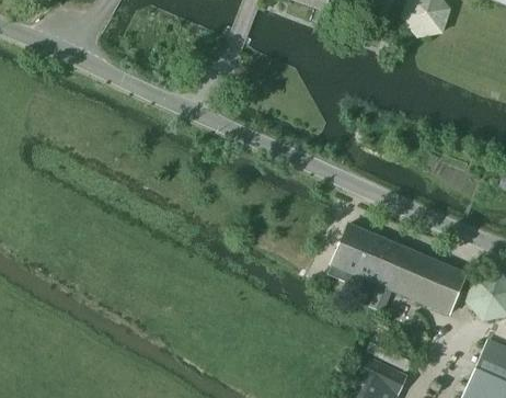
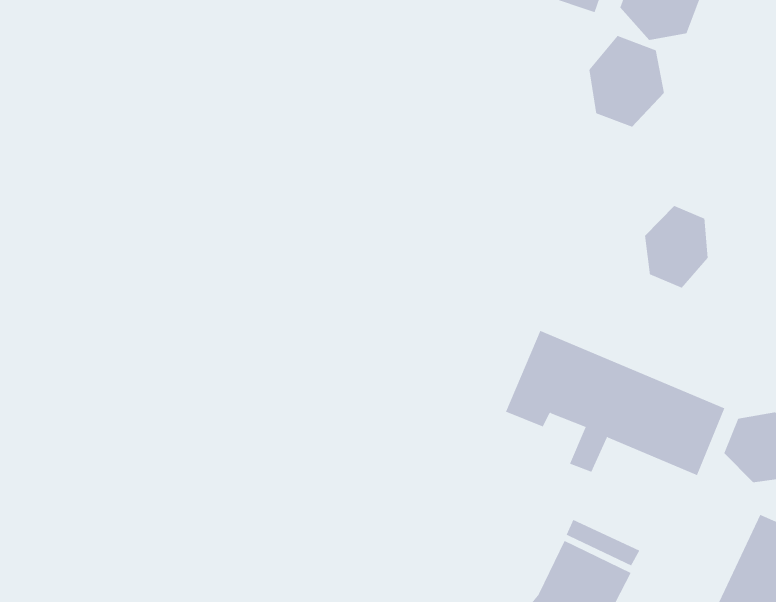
building: none -> [589,35,664,128]
building: none -> [644,205,708,288]

